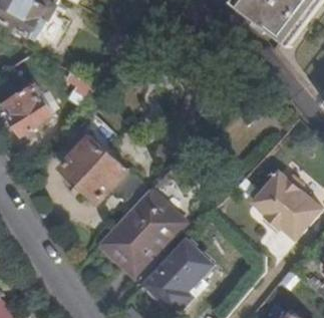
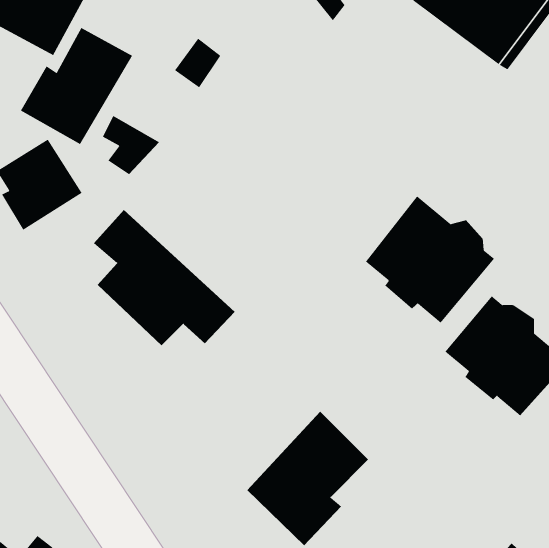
building: none -> [20,27,133,145]
building: none -> [365,196,495,323]
building: [97,189,182,274] -> none

